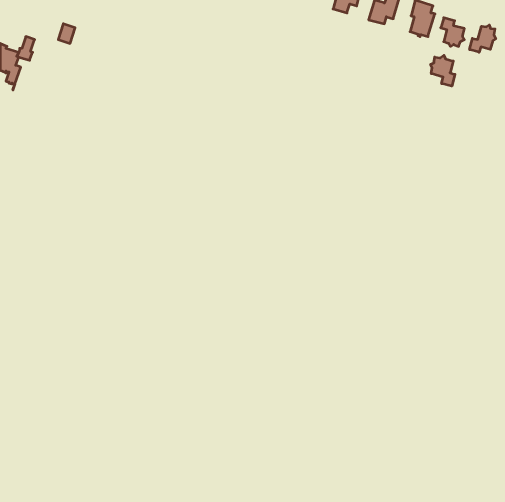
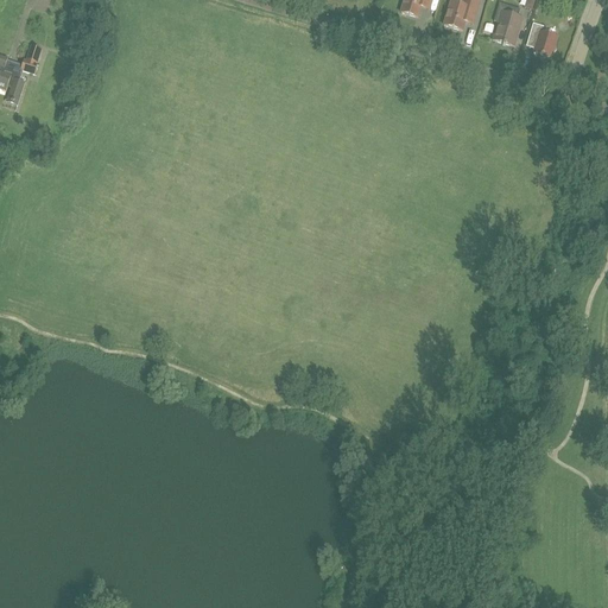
building: [470,25,496,52] -> none
building: [431,55,455,86] -> none

